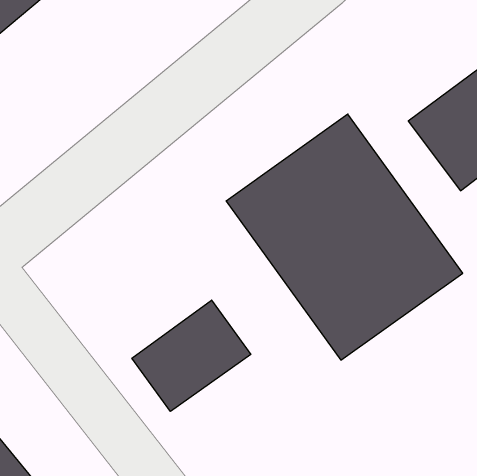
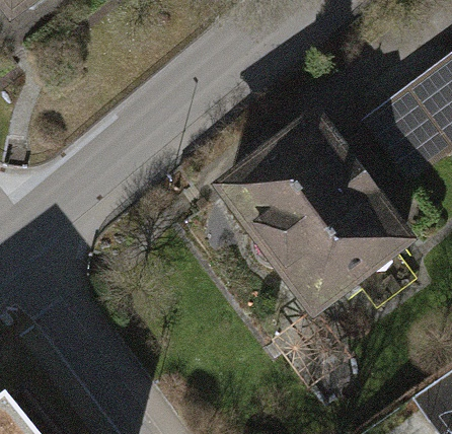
building: [132,300,251,411] -> none

